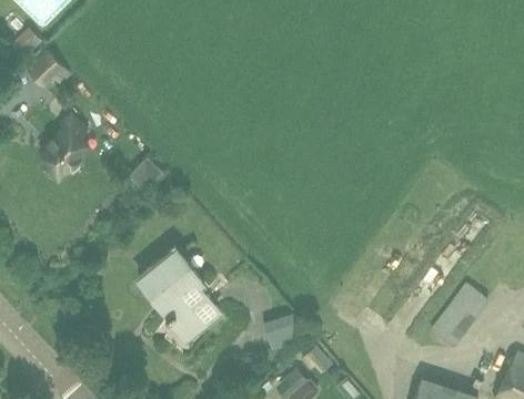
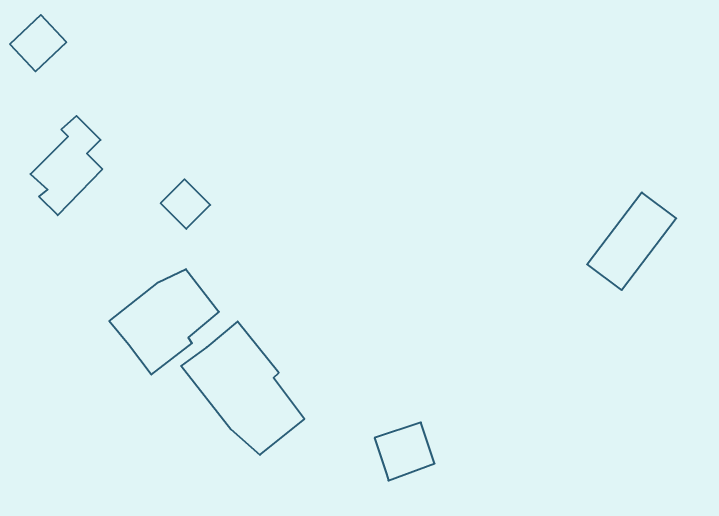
building: none -> [109,269,219,375]
building: [425,279,483,342] -> [587,192,676,290]

